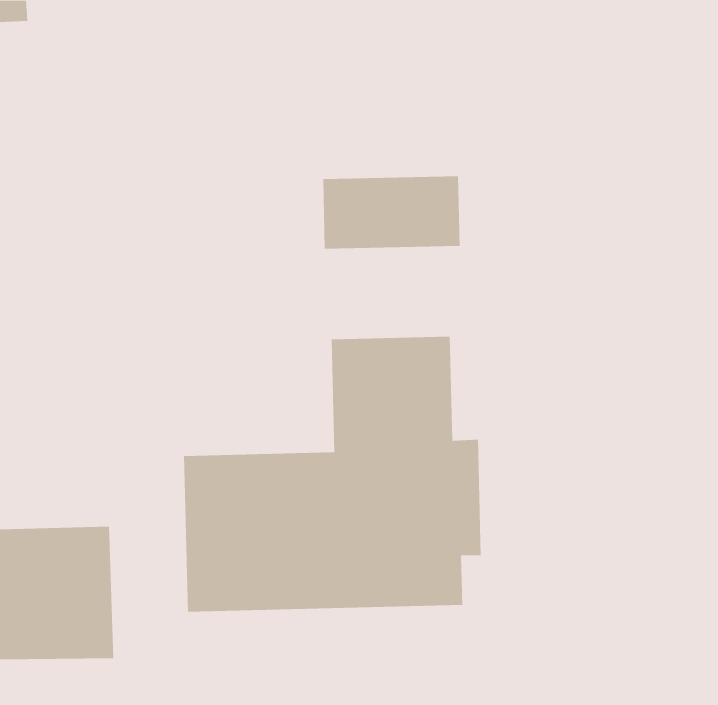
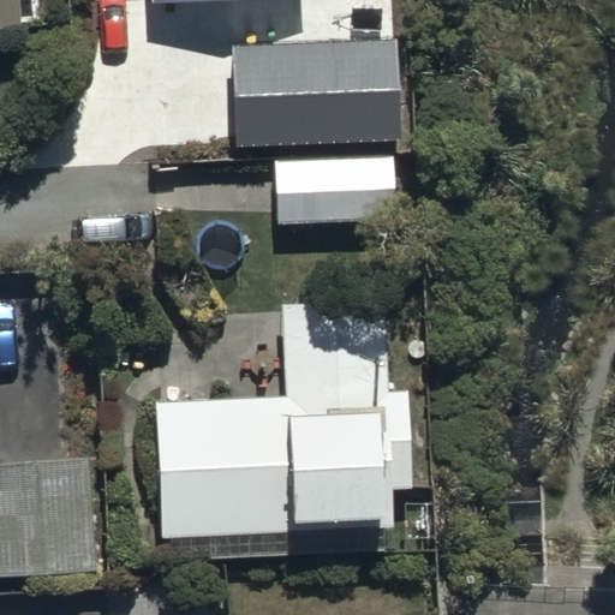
building: none -> [221,32,413,156]

